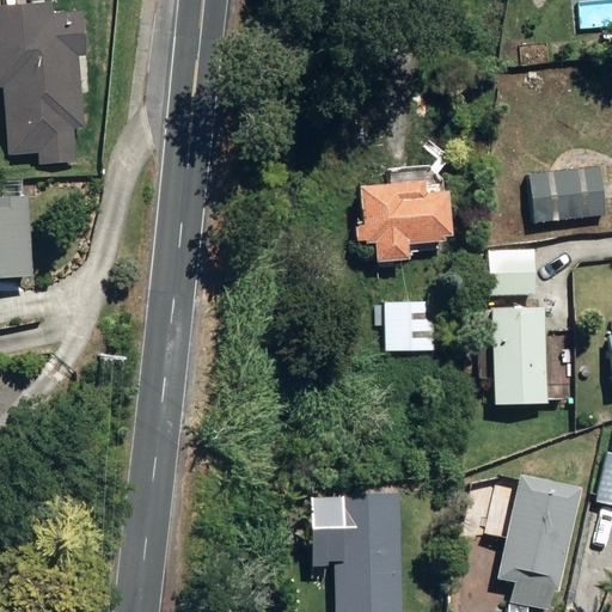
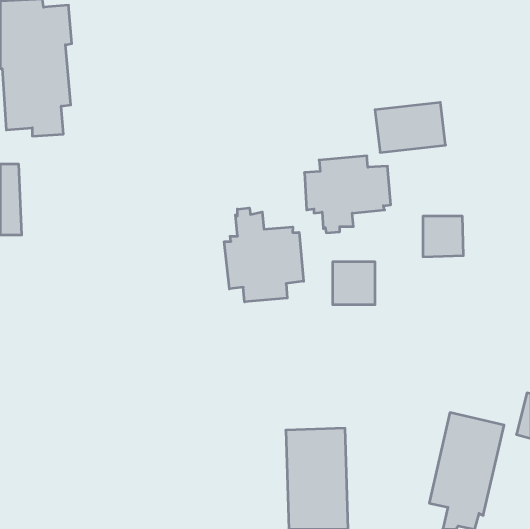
building: [525,166,606,224] -> [375,102,446,152]
building: none -> [224,208,304,302]
building: [491,308,547,405] -> none

